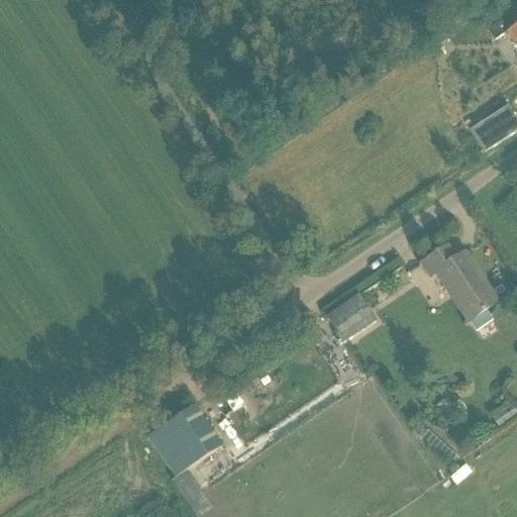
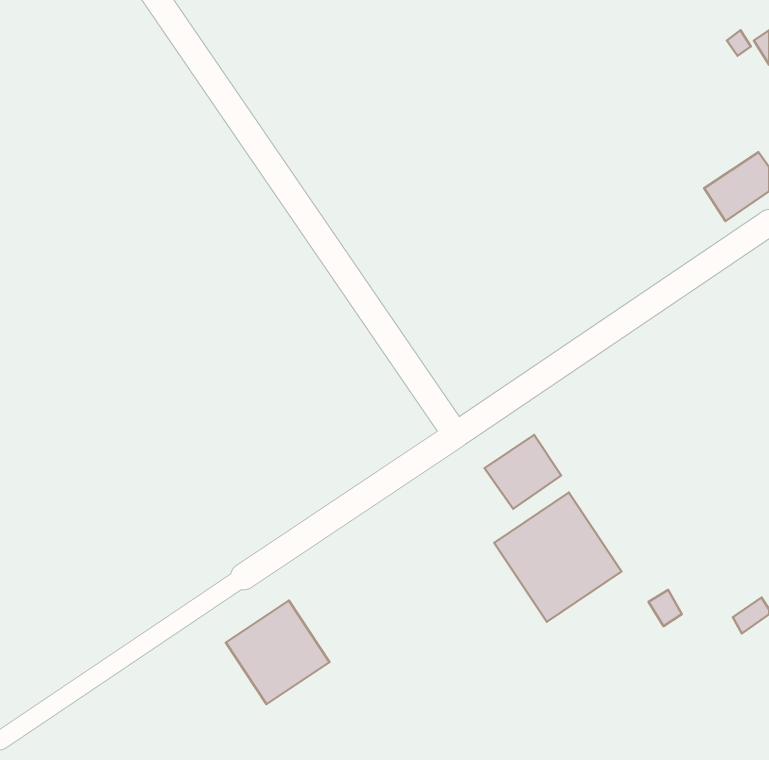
building: [420,241,494,327] -> none
building: none -> [494,492,622,622]

